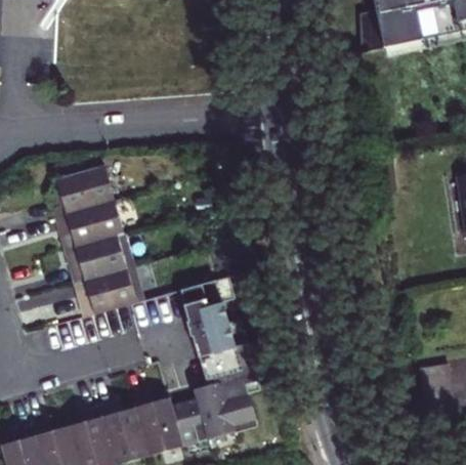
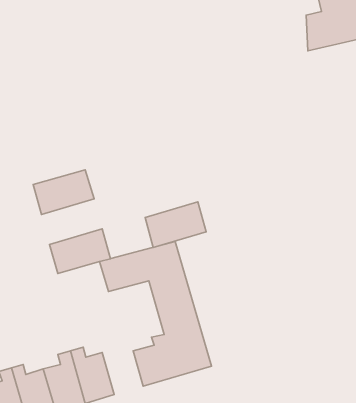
building: [55,152,118,213] -> none
building: [69,229,137,281] -> [145,202,206,247]
building: [134,387,183,450] -> none

